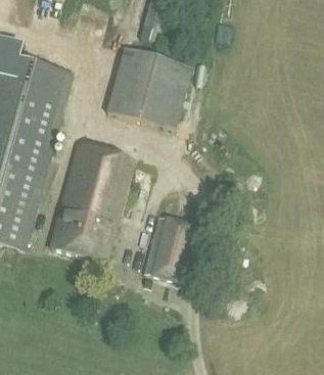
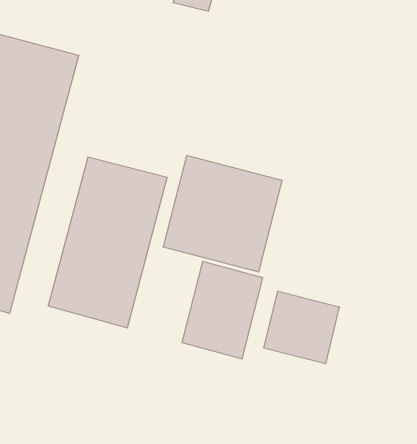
building: [107,46,190,127] -> [163,156,282,272]
building: none -> [264,291,339,364]

